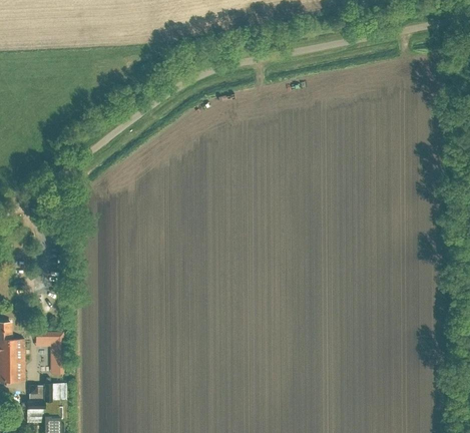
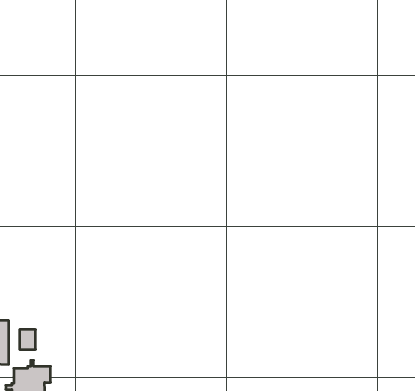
building: [35,335,62,367] -> none

